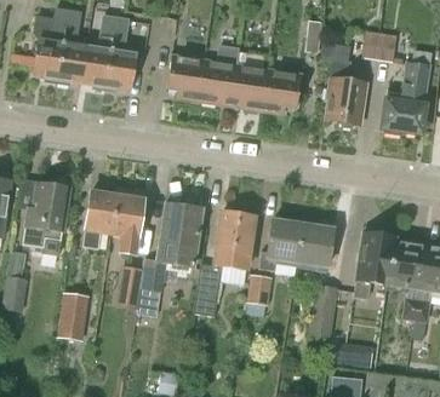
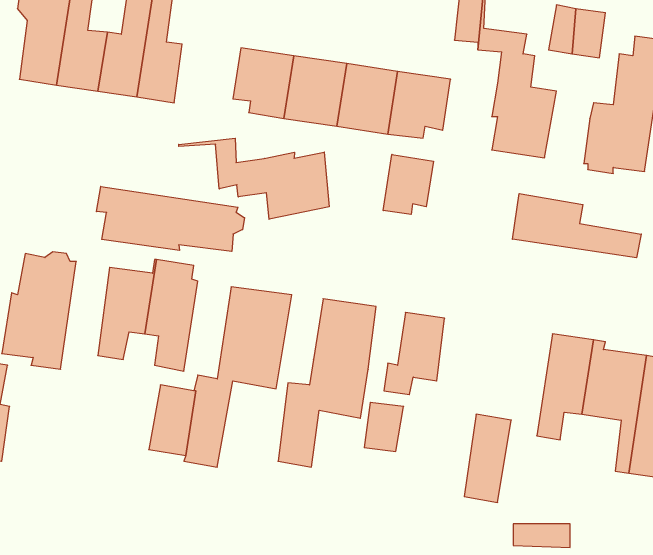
building: none -> [179,138,329,219]
building: none -> [383,154,433,214]
building: none -> [96,186,245,251]
building: none -> [512,194,641,258]
building: [292,223,333,266] -> none
building: [57,290,88,340] -> none

